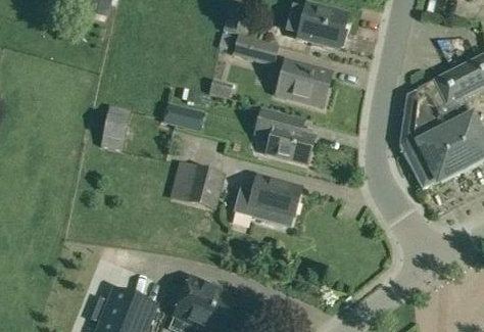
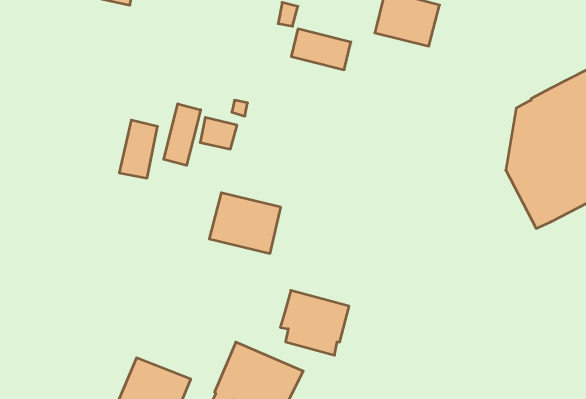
building: [275,57,333,106] -> none
building: none -> [164,104,201,165]
building: [257,108,316,163] -> none
building: [248,176,301,226] -> [280,290,349,355]

